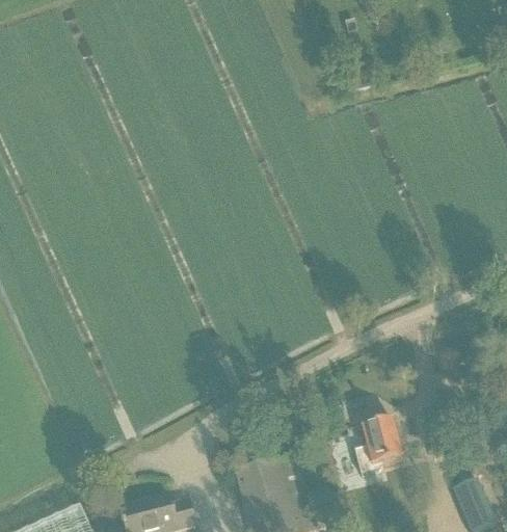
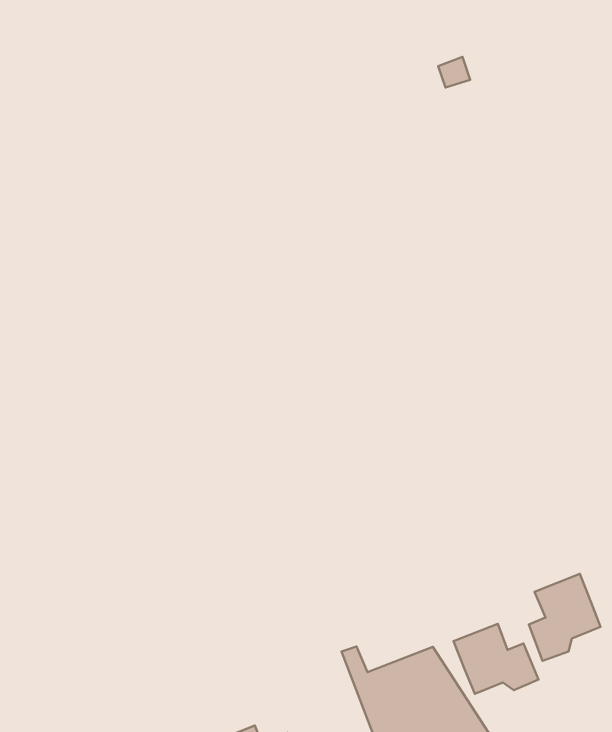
building: none -> [454,624,538,694]

